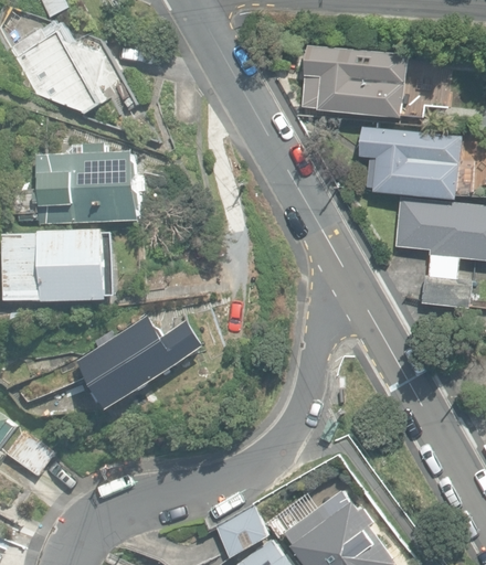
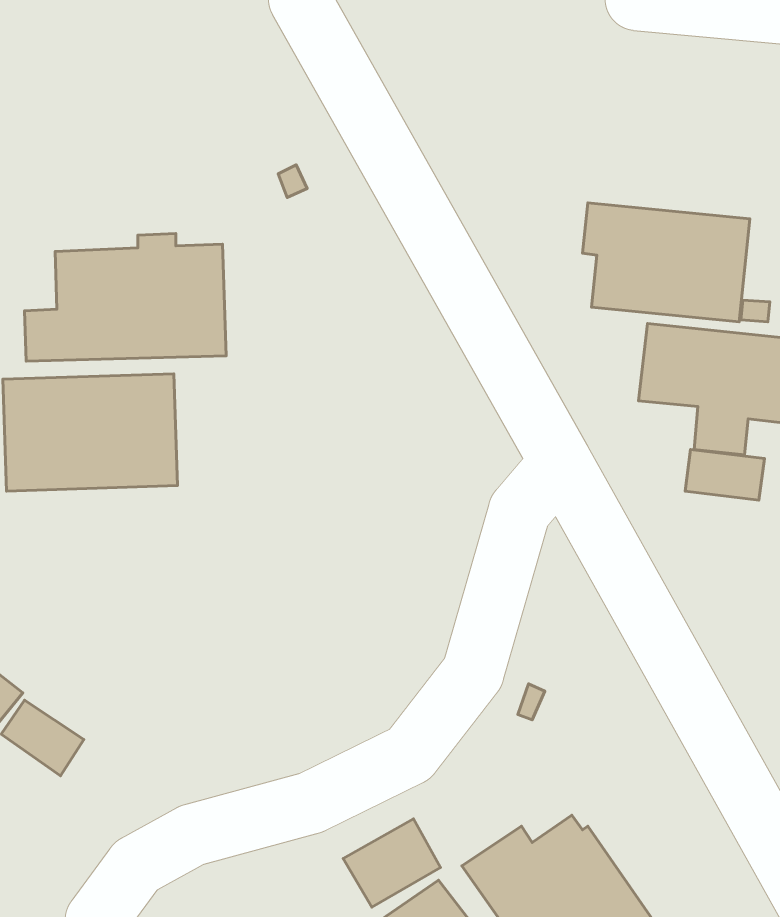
building: [6,26,106,111] -> none
building: [300,45,408,117] -> none
building: [77,316,207,408] -> none

